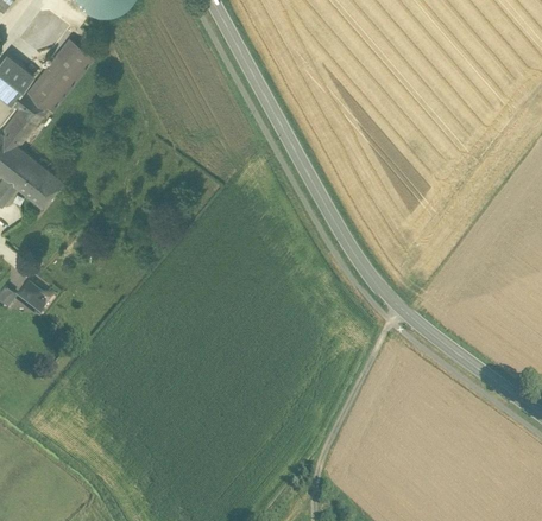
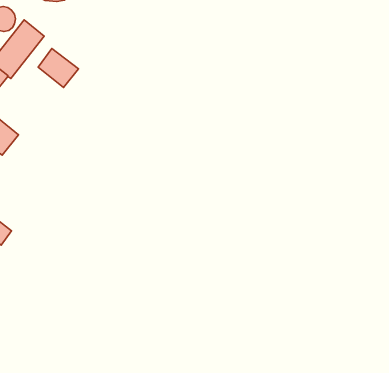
building: none -> [38,48,78,87]

